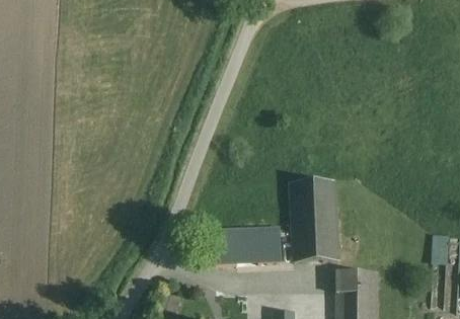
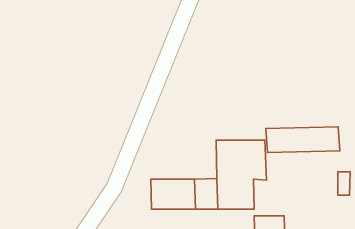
building: none -> [266,127,340,152]

